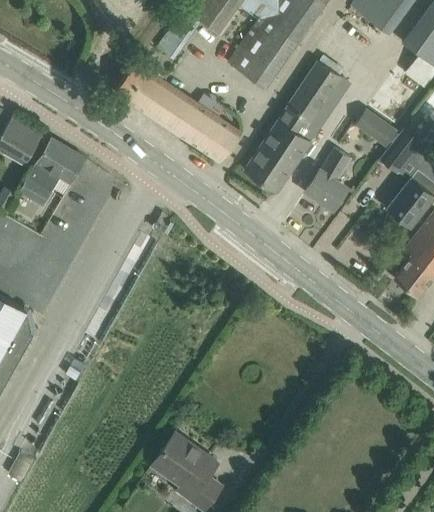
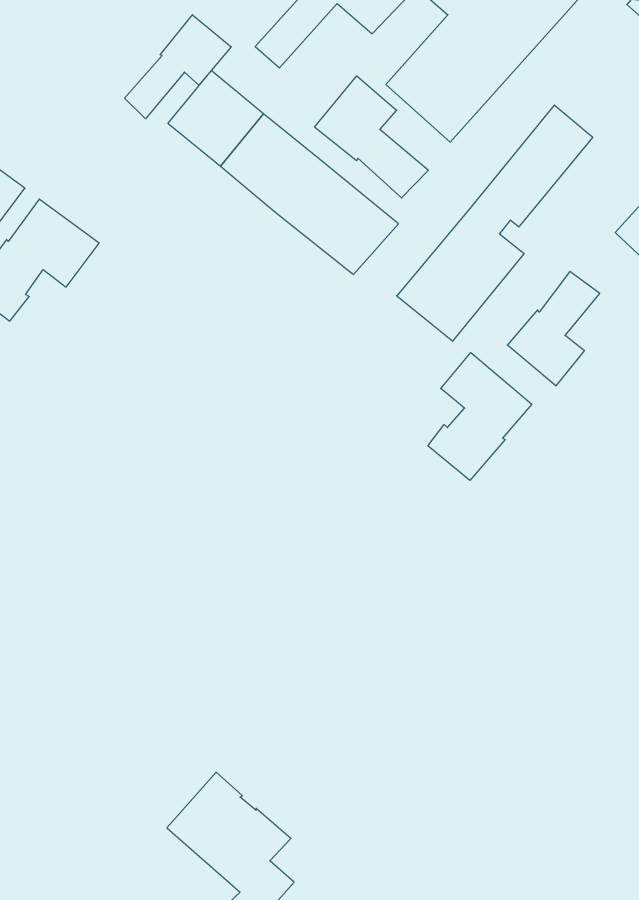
building: none -> [125,15,231,119]
building: none -> [315,76,428,198]
building: none -> [428,353,532,480]

